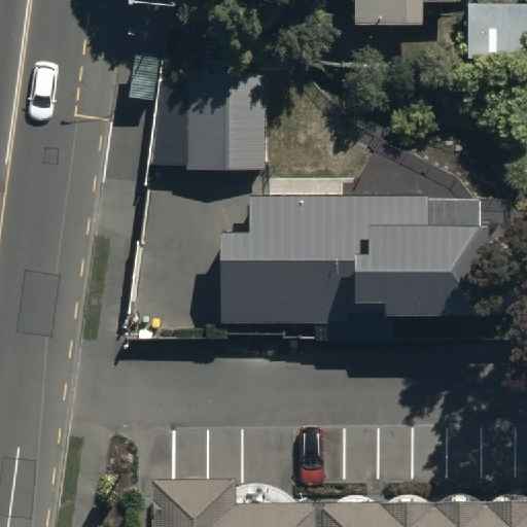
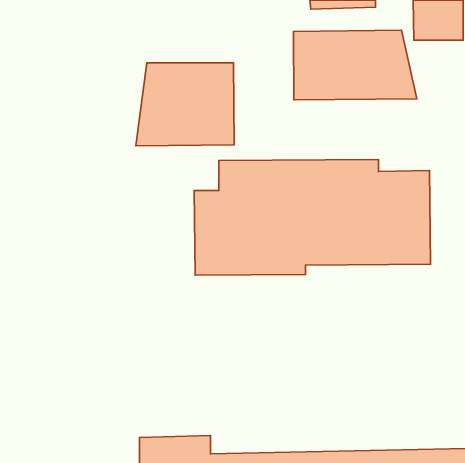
building: none -> [294,30,417,100]

